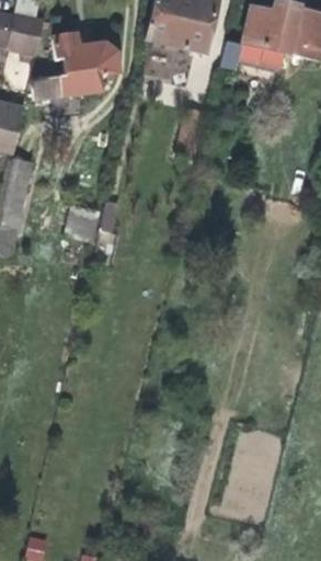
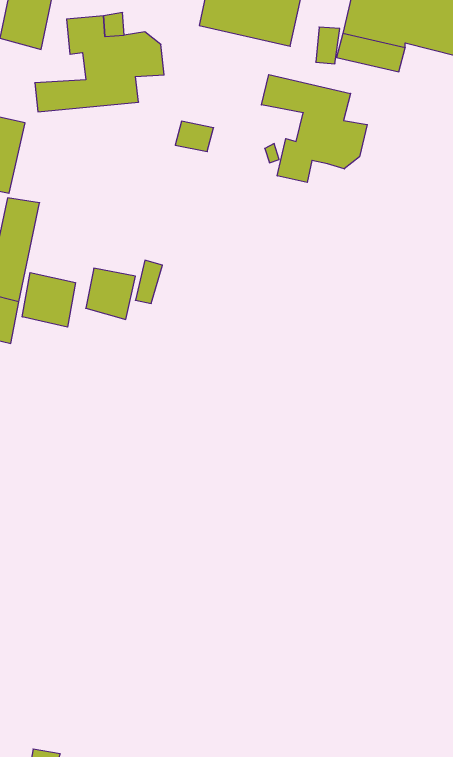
building: none -> [261,75,367,182]
building: none -> [22,273,75,327]

